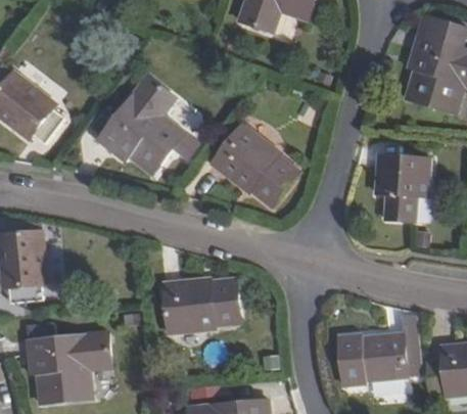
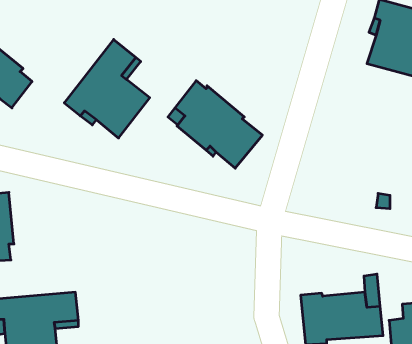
building: [375,155,429,224] -> none
building: [162,279,242,333] -> none

